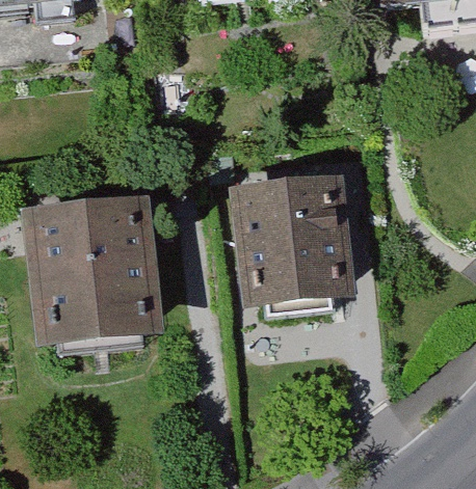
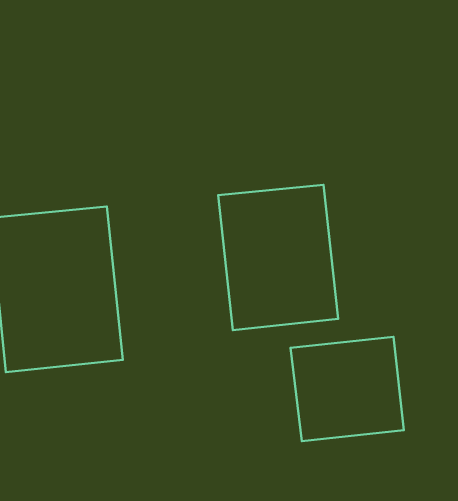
building: none -> [291,337,404,441]

